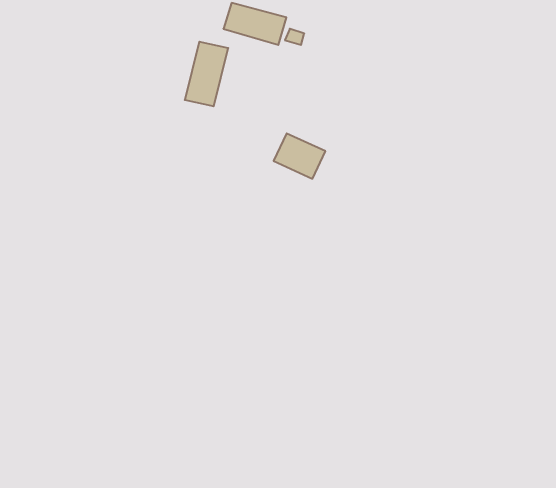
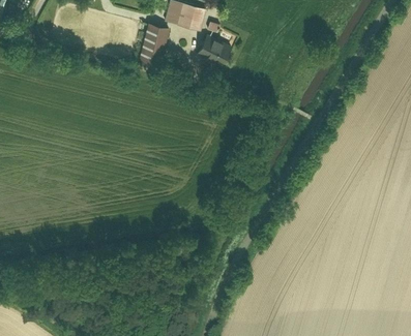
building: [274,133,325,179] -> [195,33,228,62]

